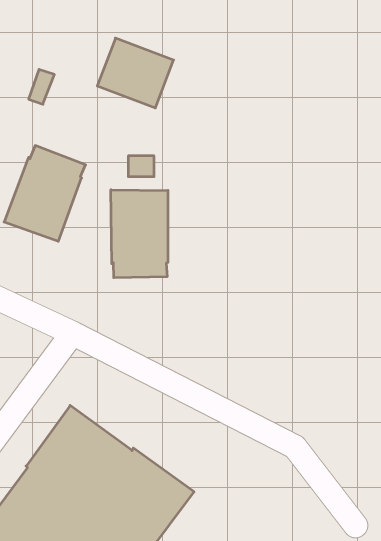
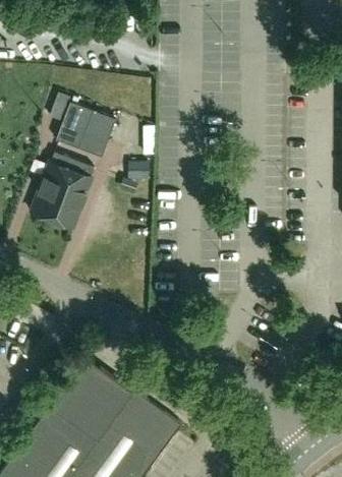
building: [97,38,174,108] -> [55,105,115,160]
building: [111,190,168,278] -> none

